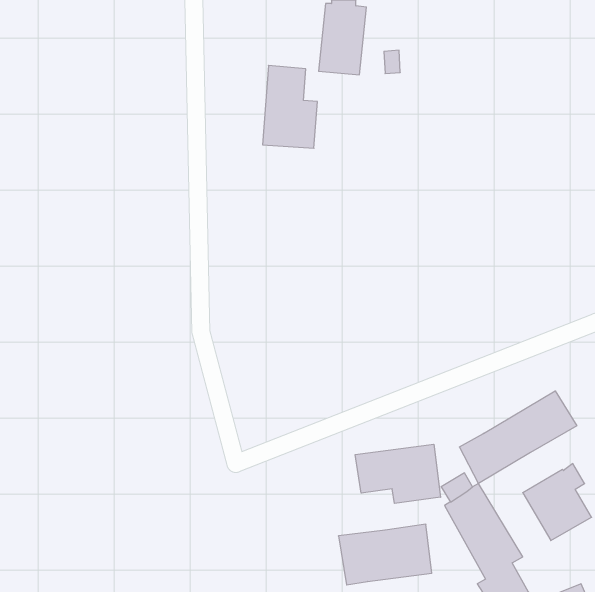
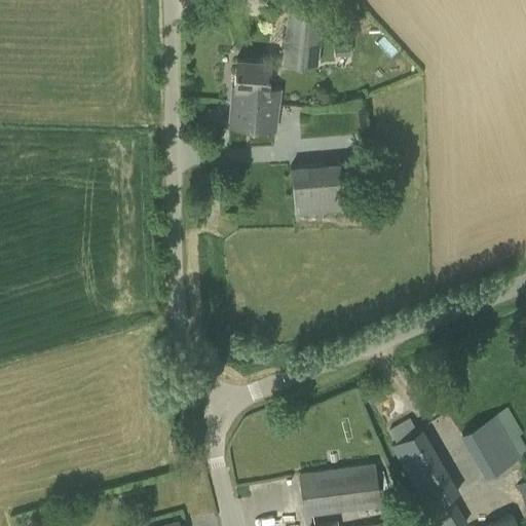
building: none -> [291,163,368,216]
building: [459,391,577,483] -> none
building: [355,444,441,503] -> none

